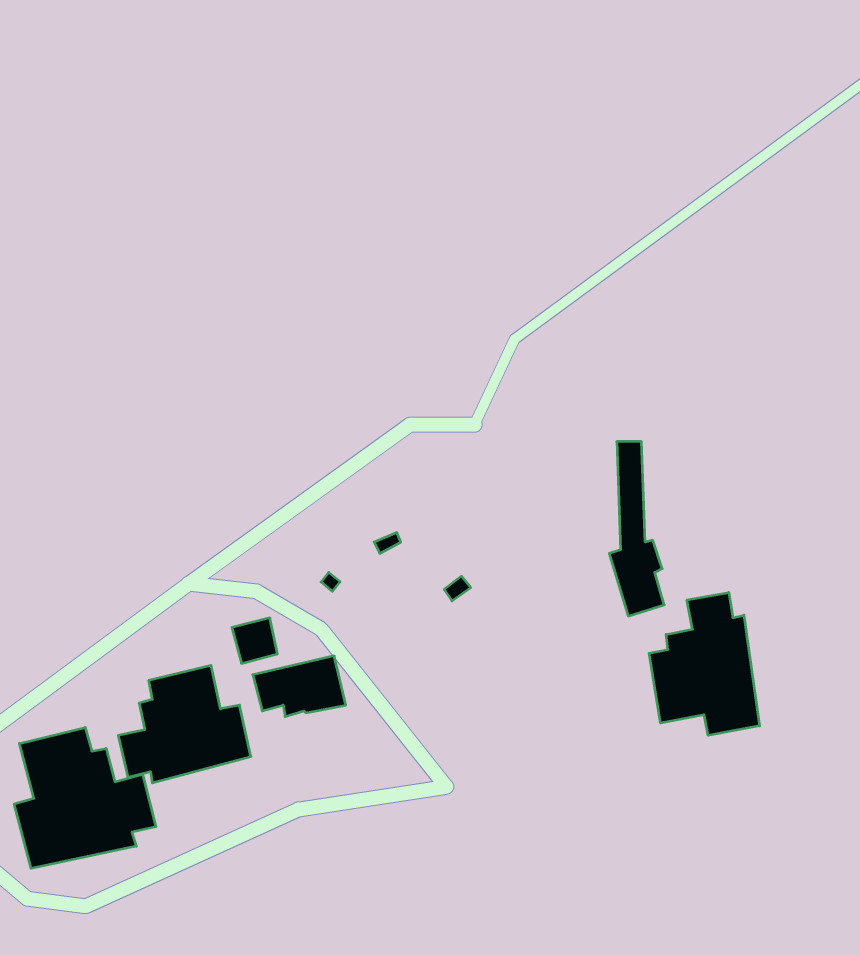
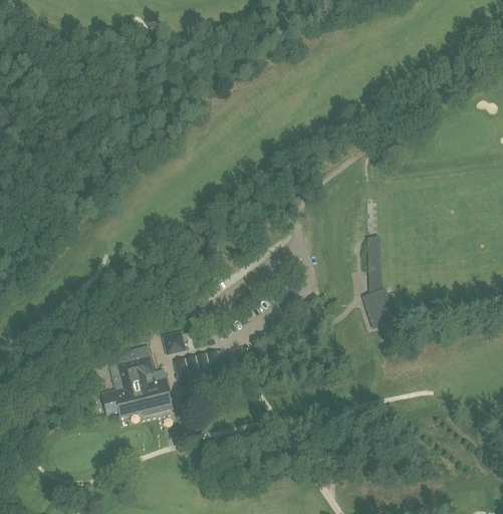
building: [649,592,760,735] -> none
building: [14,727,156,868] -> none

